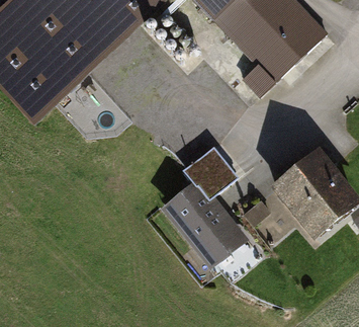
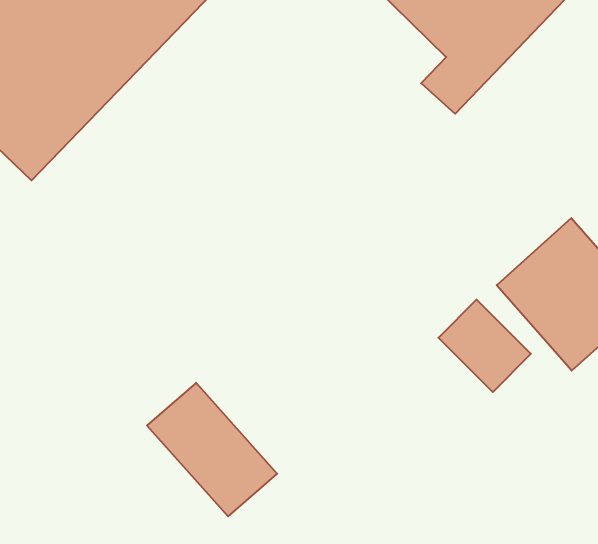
building: [190,145,239,194] -> none
building: [172,186,240,258] -> [147,383,277,516]

